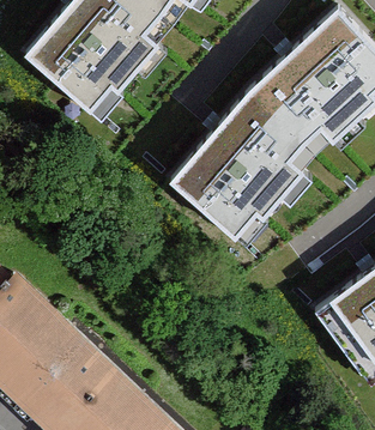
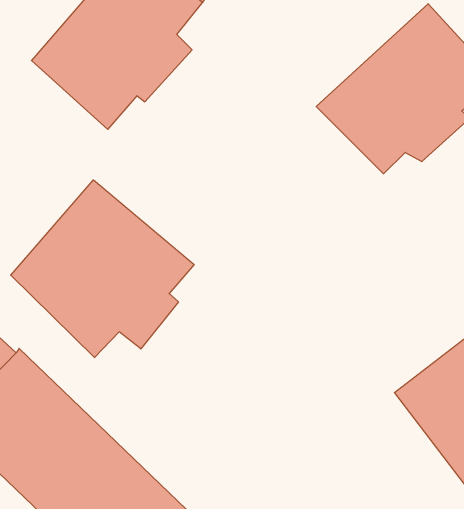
building: [171,91,303,237] -> none
building: none -> [11,180,194,358]

